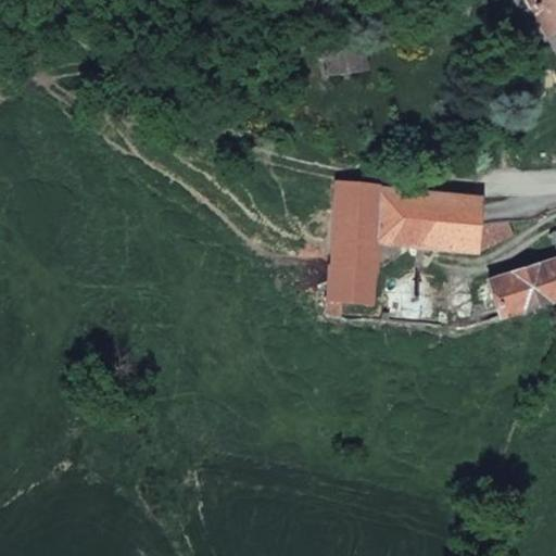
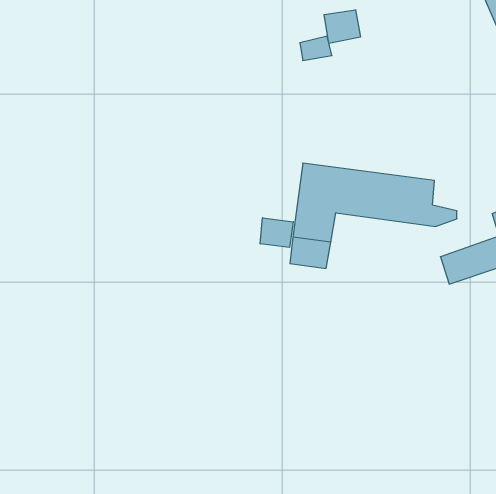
building: none -> [324,10,360,43]
building: none -> [260,218,293,247]

